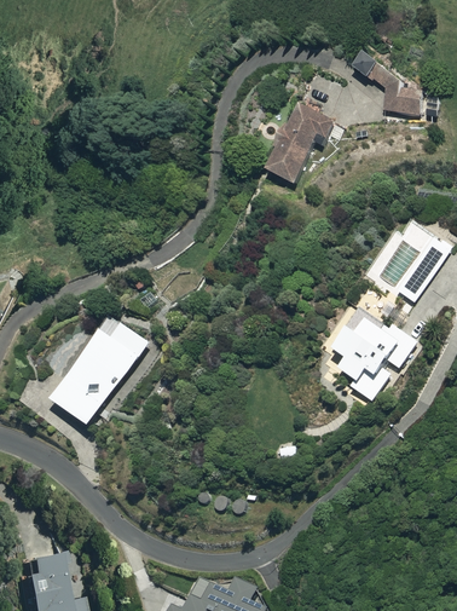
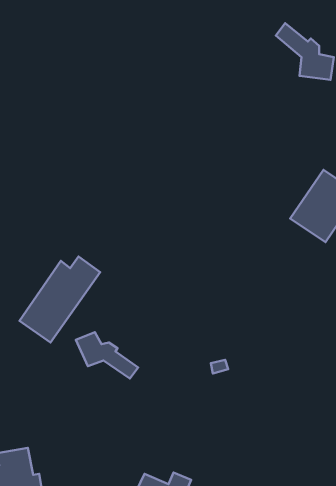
building: [266,104,334,183] -> none
building: [334,311,416,400] -> none
building: none -> [76,332,138,378]

